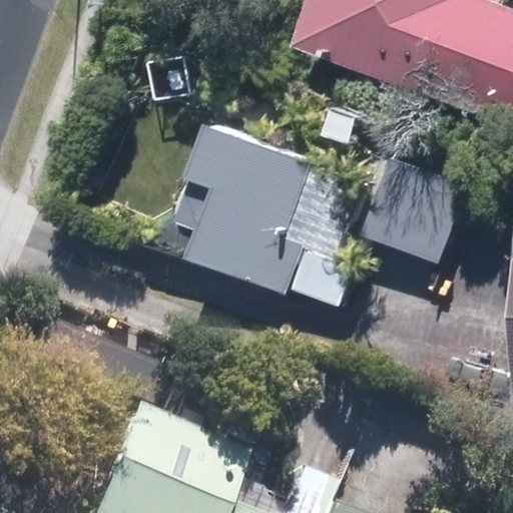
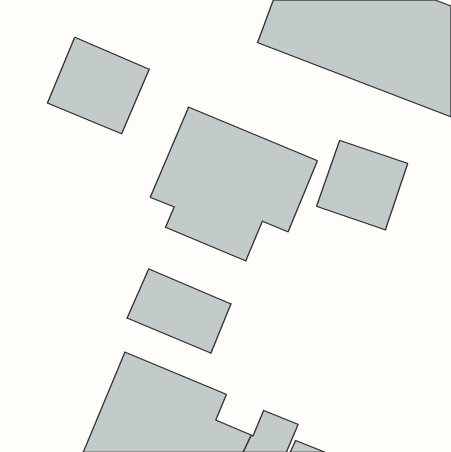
building: none -> [47,37,149,134]
building: none -> [127,269,231,353]

